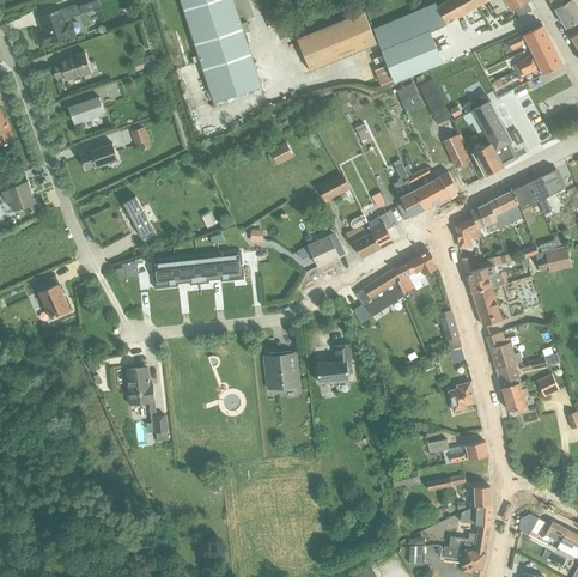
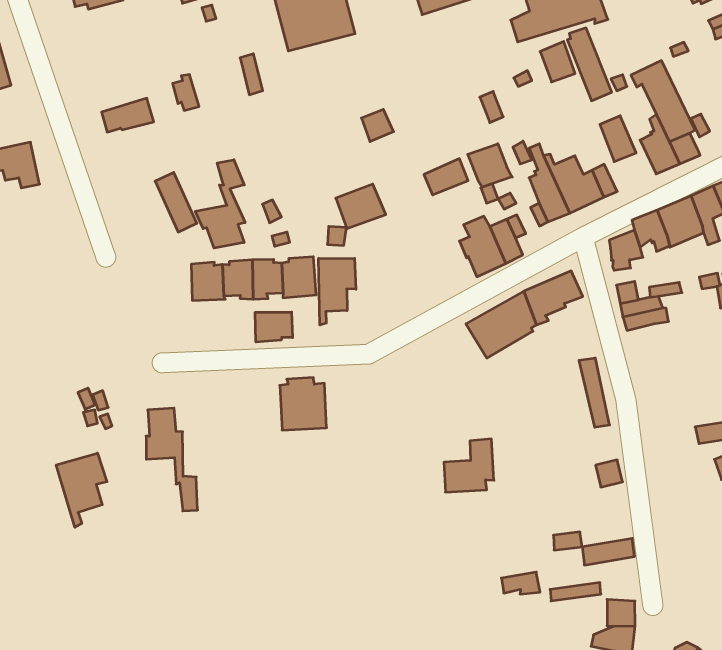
building: [68,98,105,126] -> none
building: none -> [468,144,512,187]
building: none -> [195,160,245,248]
building: [309,232,346,266] -> [336,184,386,229]
building: none -> [319,258,356,325]
building: [35,277,71,317] -> none
building: [471,285,501,326] -> none
building: none -> [255,312,293,342]
building: [488,332,531,409] -> none
building: [316,344,353,384] -> [444,439,494,492]
building: [264,351,300,390] -> [280,378,327,430]
building: none -> [56,453,107,527]

